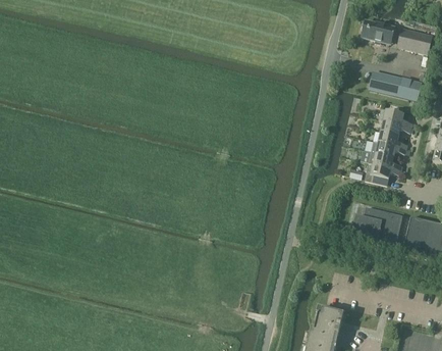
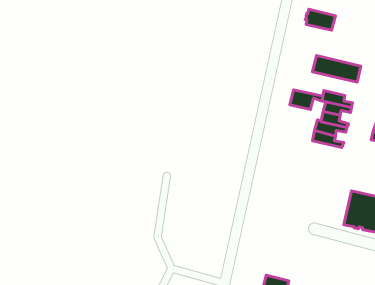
building: [398,29,432,52] -> none
building: [366,162,401,184] -> [290,90,323,110]
building: [350,207,403,246] -> none

